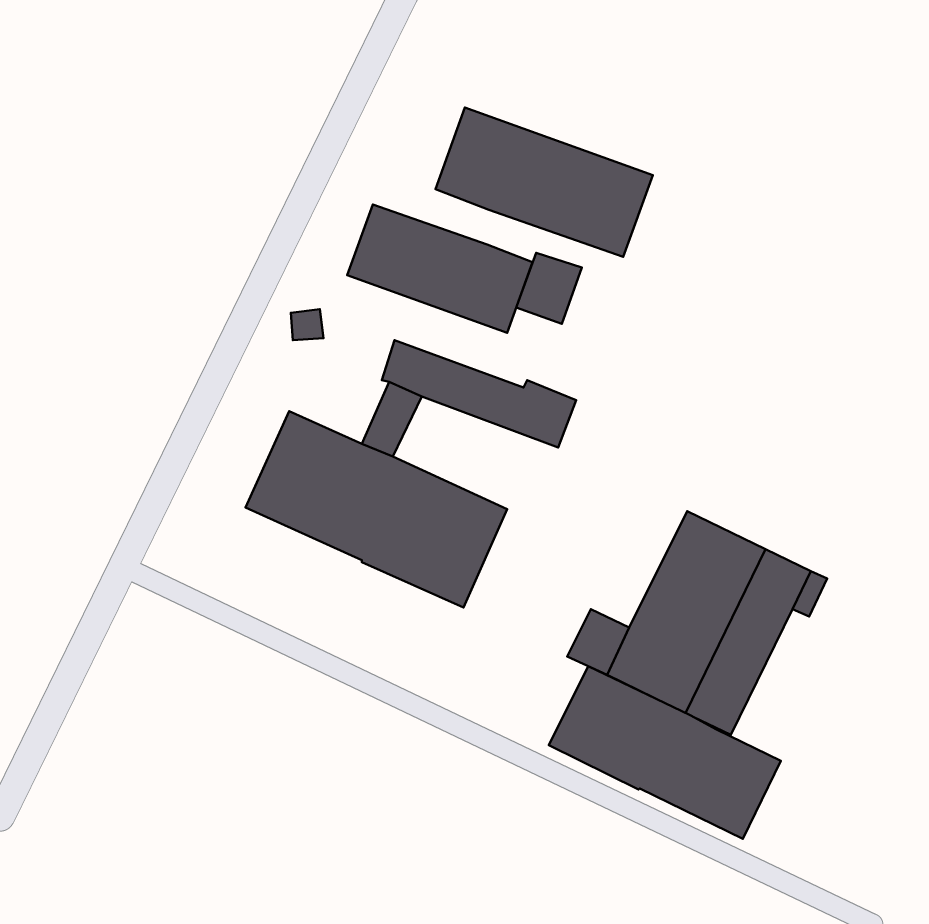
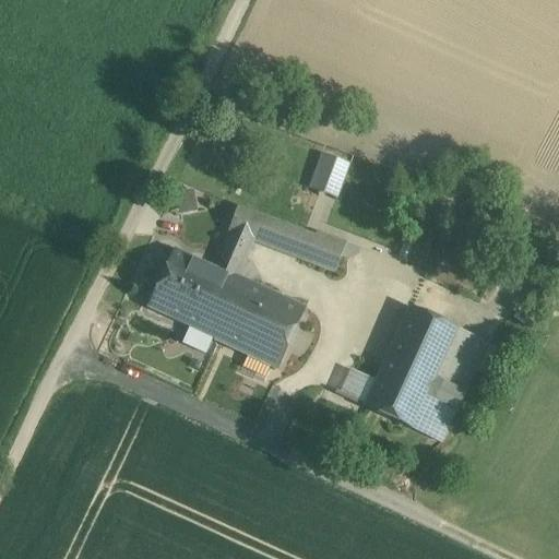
building: [435,107,653,257] -> none
building: [347,204,533,333] -> none
building: [549,666,781,839] -> none

